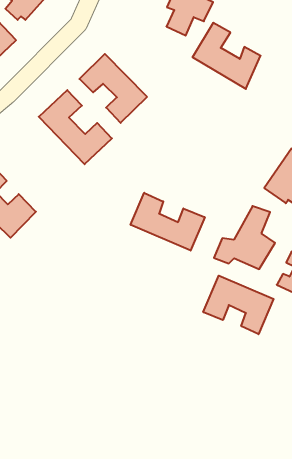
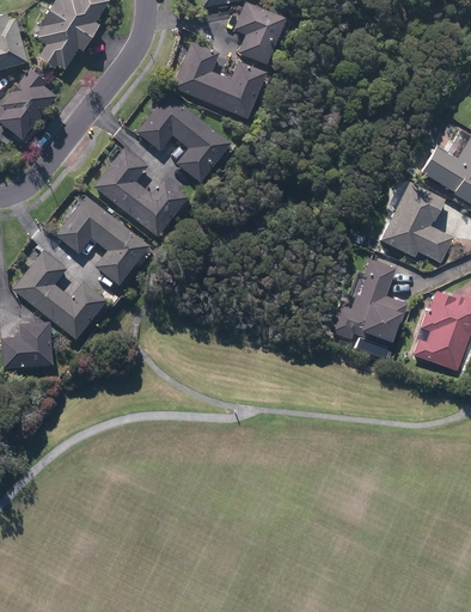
building: [192,23,261,89] -> [173,41,257,117]
building: none -> [57,197,145,281]
building: [131,193,205,251] -> none
building: [203,276,274,334] -> none

